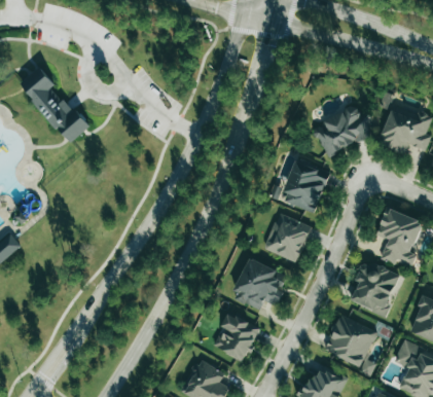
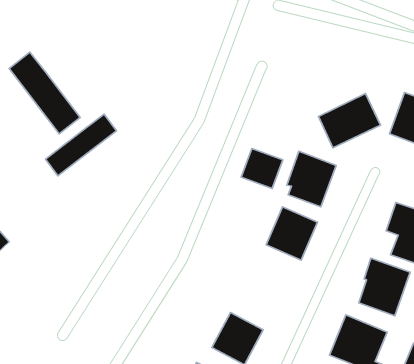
building: none -> [46,114,117,176]
building: none -> [241,148,283,189]
building: [231,257,287,310] -> none

